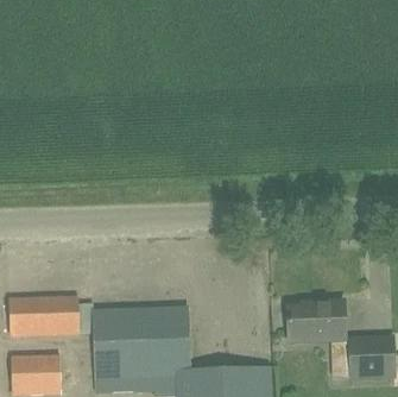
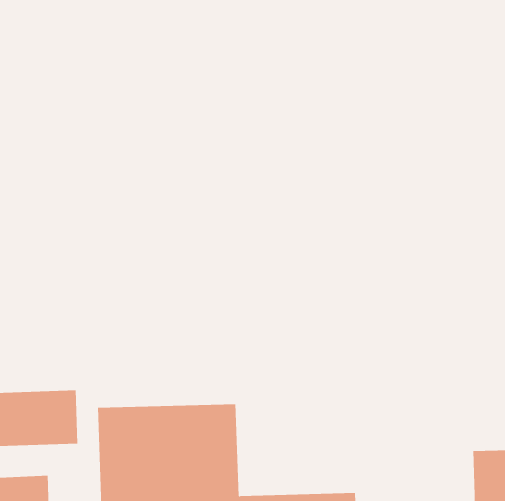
building: [286,301,345,341] -> none

